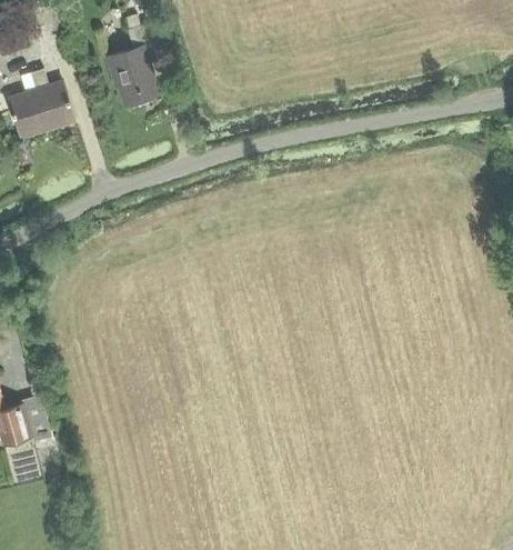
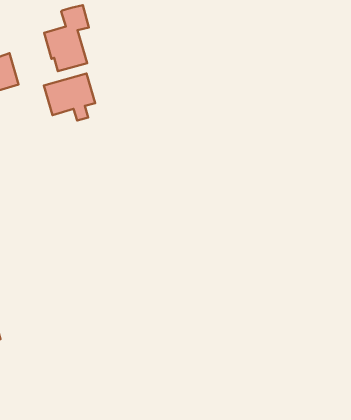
building: none -> [44,74,95,121]

